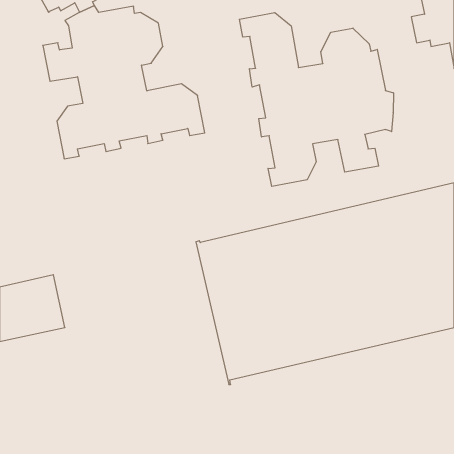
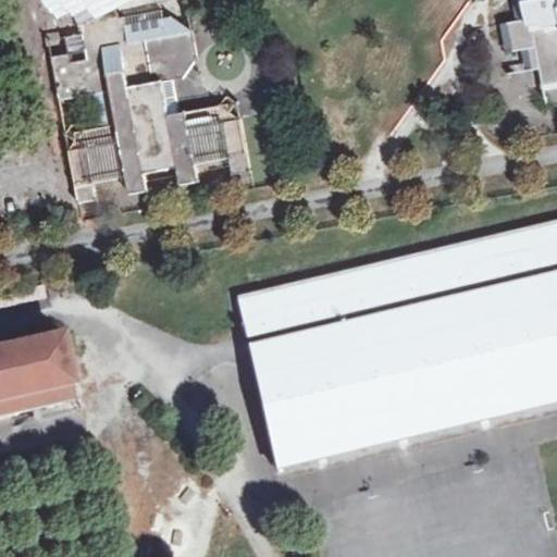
building: [239,13,393,186] -> none

